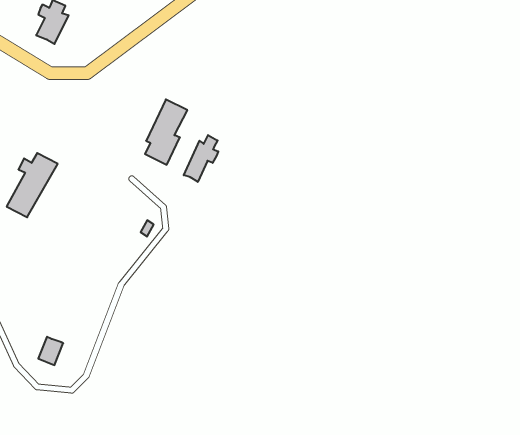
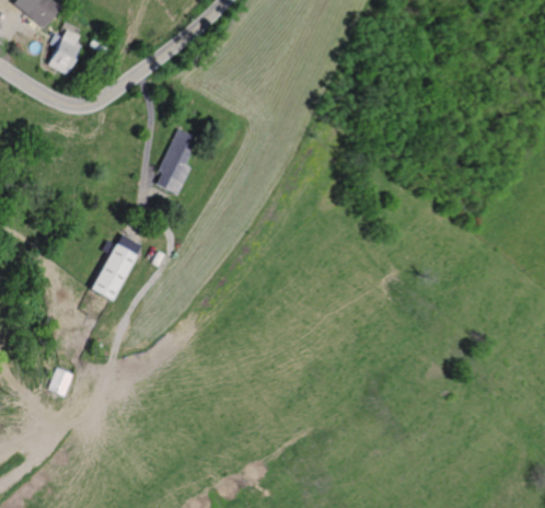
building: [184,135,218,182] -> none
building: [7,153,58,217] -> [91,234,142,299]

